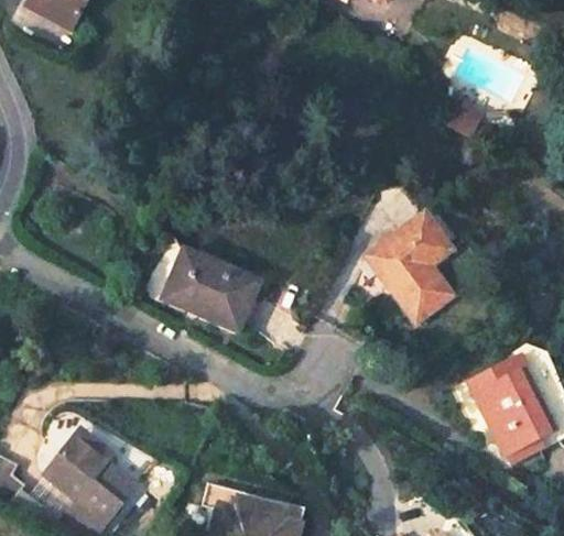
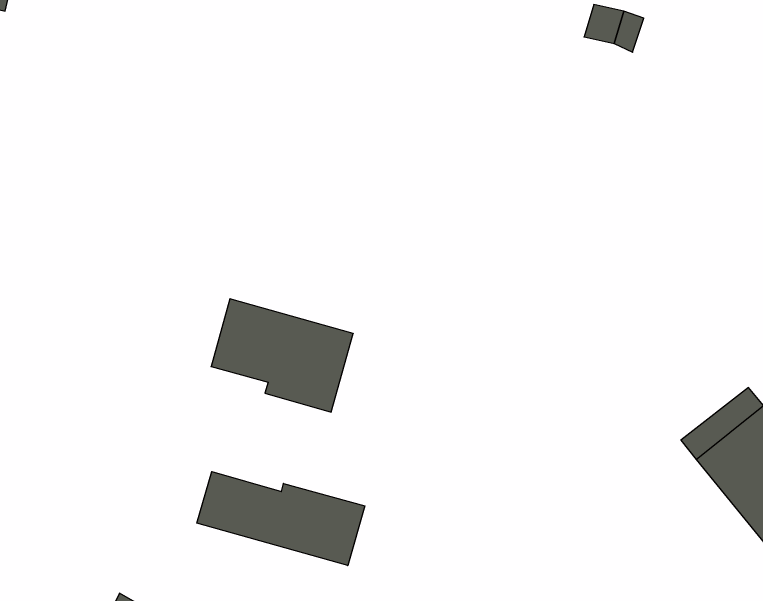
building: [377,211,463,315] -> none
building: none -> [197,472,365,566]

